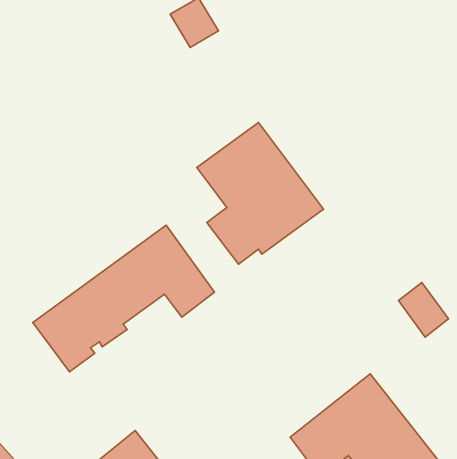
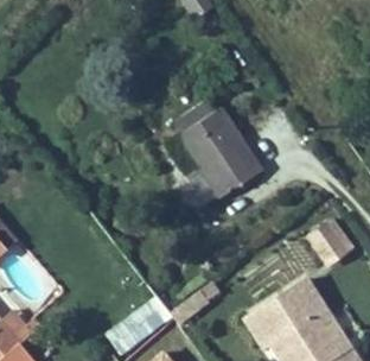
building: [33,225,215,372] -> none

